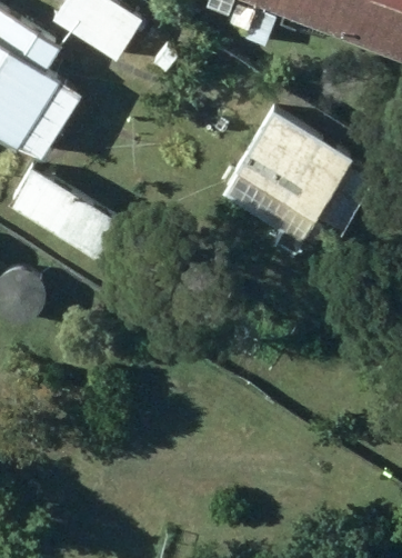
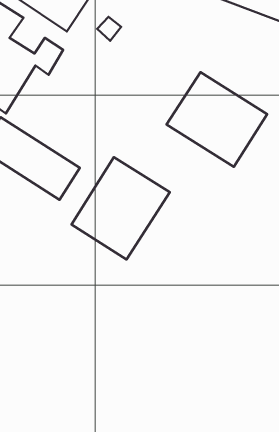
building: none -> [71,157,170,260]

